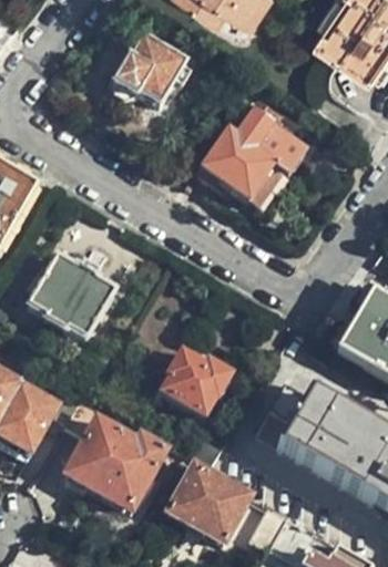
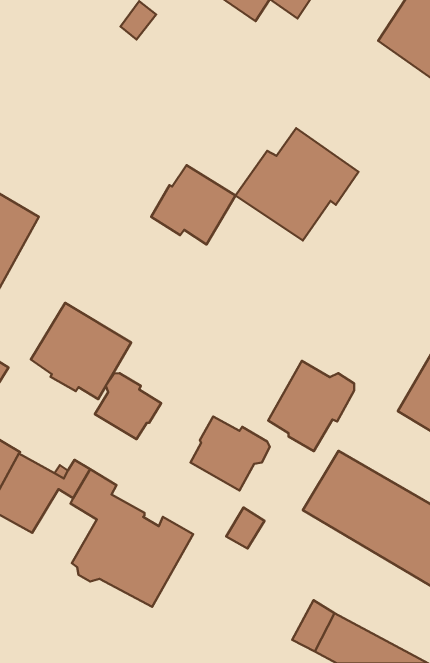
building: [114,37,185,103] -> [151,165,236,245]
building: none -> [268,361,354,451]
building: none -> [95,373,161,439]
building: [167,462,248,540] -> none

